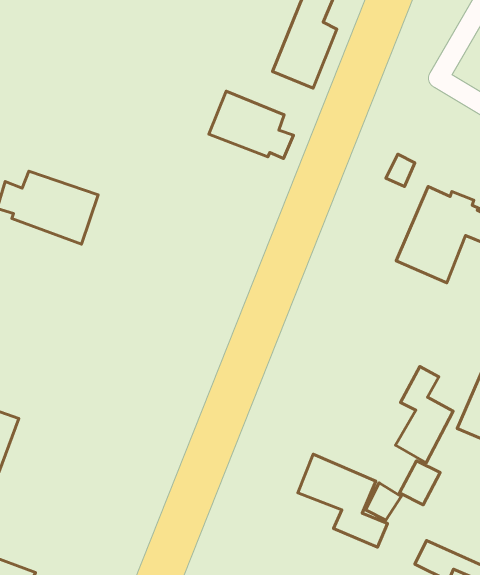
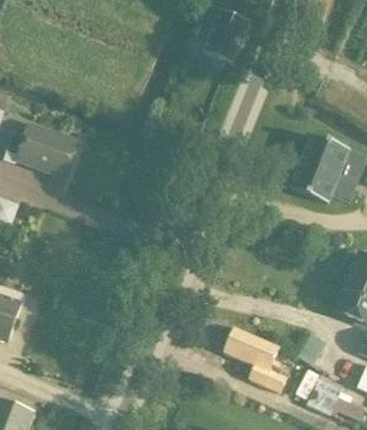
building: [209,91,294,159] -> none
building: [396,366,453,463] -> none

